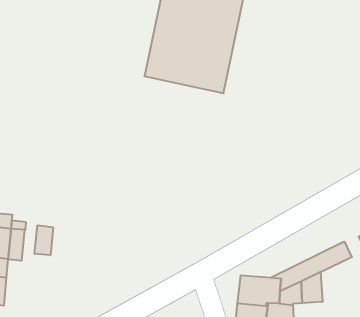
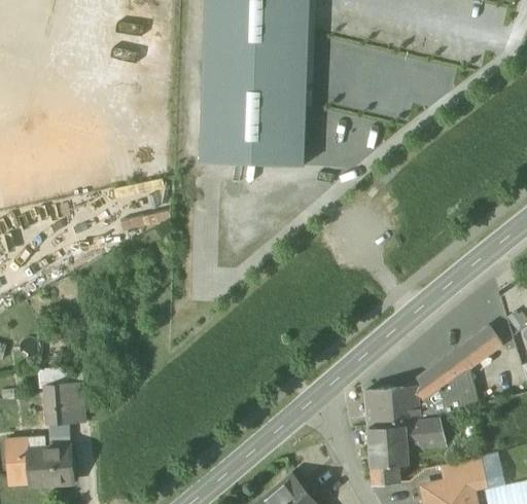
building: [35,225,53,255] -> none

